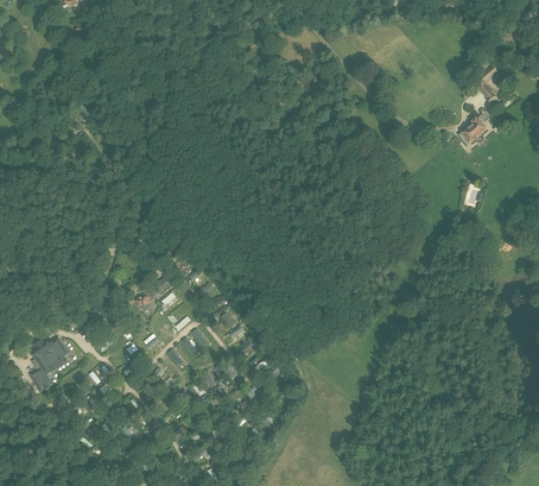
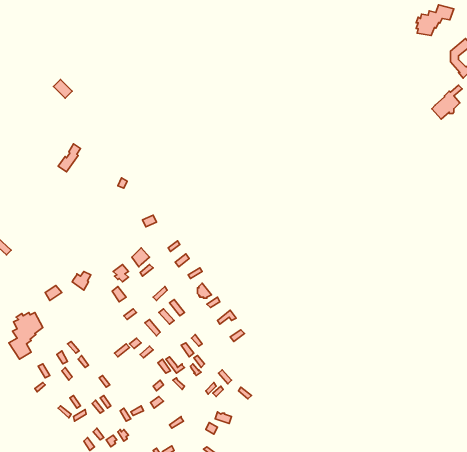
building: none -> [416,5,454,36]

